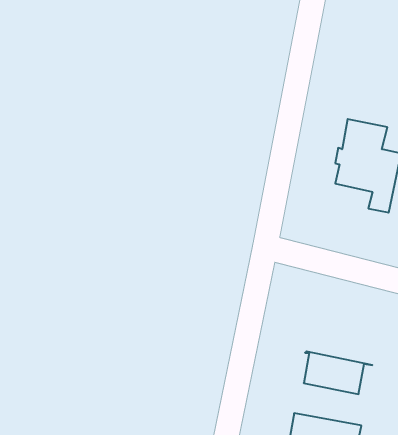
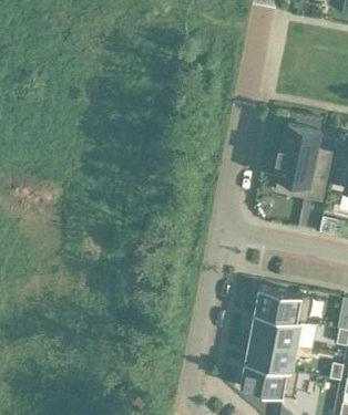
building: none -> [254,289,313,325]
building: none -> [244,340,298,374]

